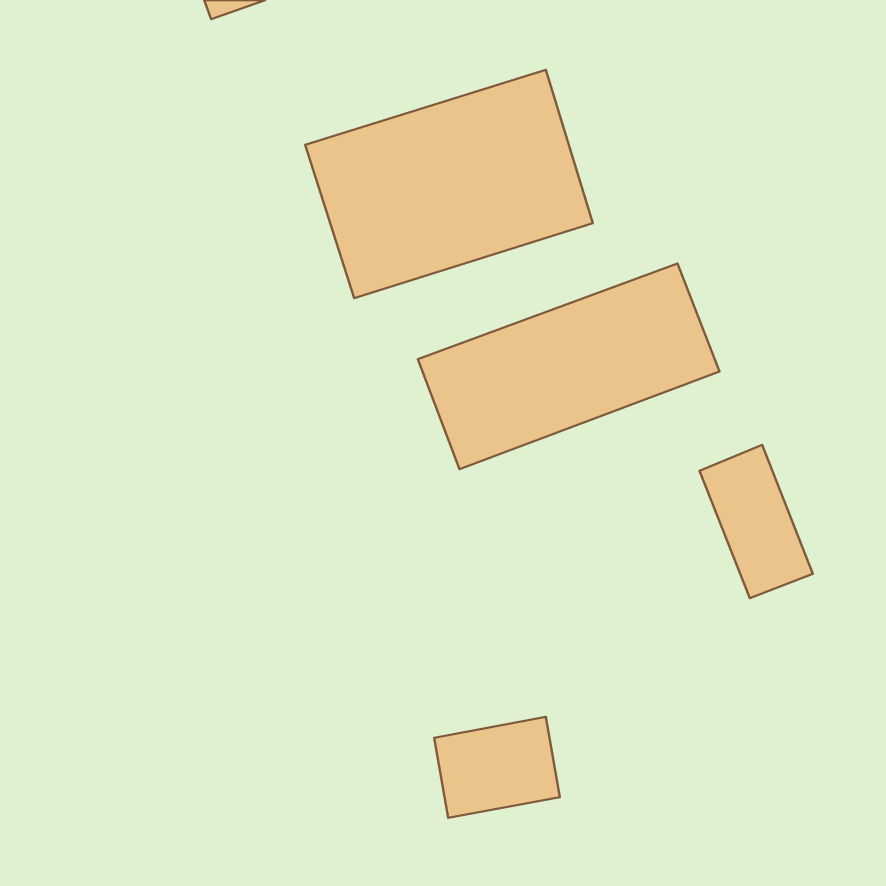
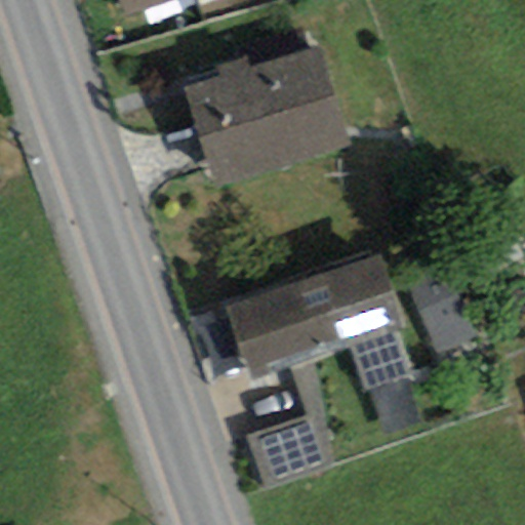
building: [418,263,719,469] -> [224,254,401,375]

